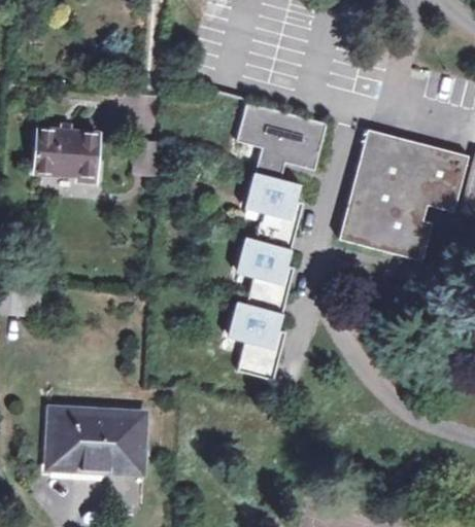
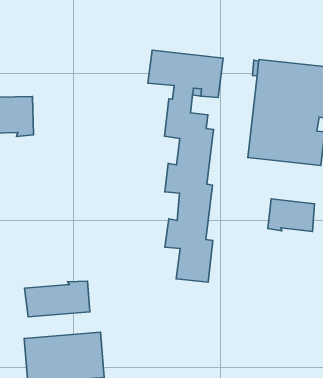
building: none -> [268,199,315,231]
building: none -> [24,281,90,317]

